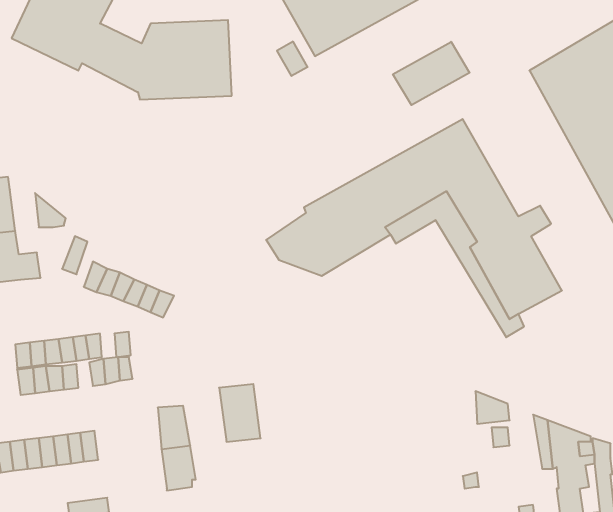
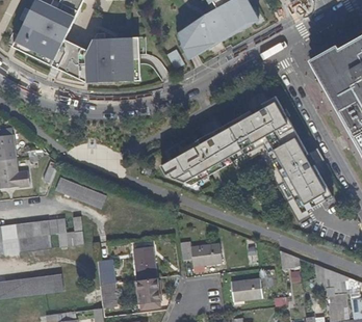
building: [393,42,470,105] -> none
building: none -> [182,241,223,271]
building: none -> [232,269,276,305]
building: none -> [137,277,159,310]

